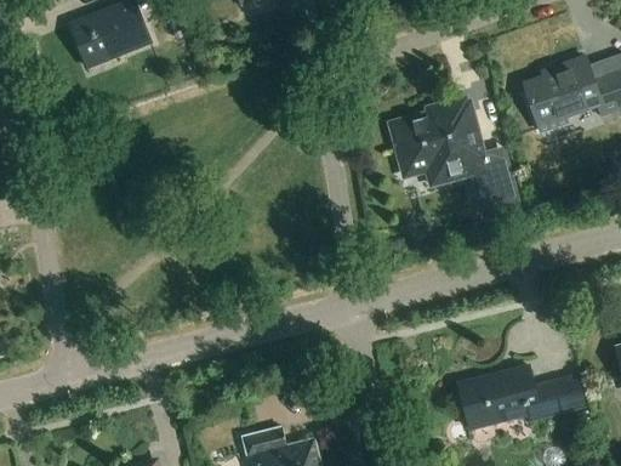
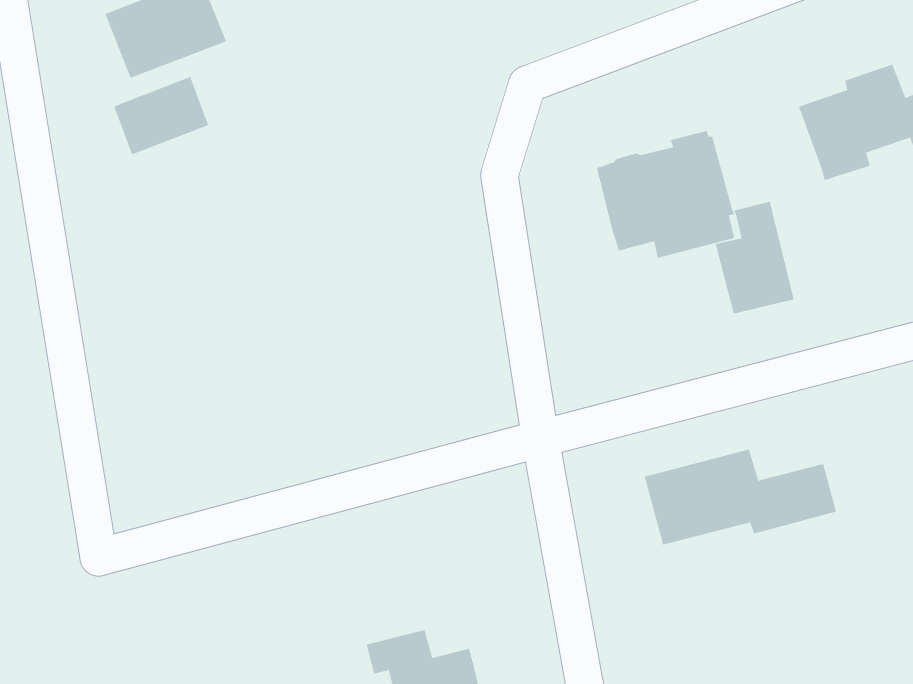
building: none -> [114,76,209,155]
building: [458,365,585,428] -> [644,449,837,545]

